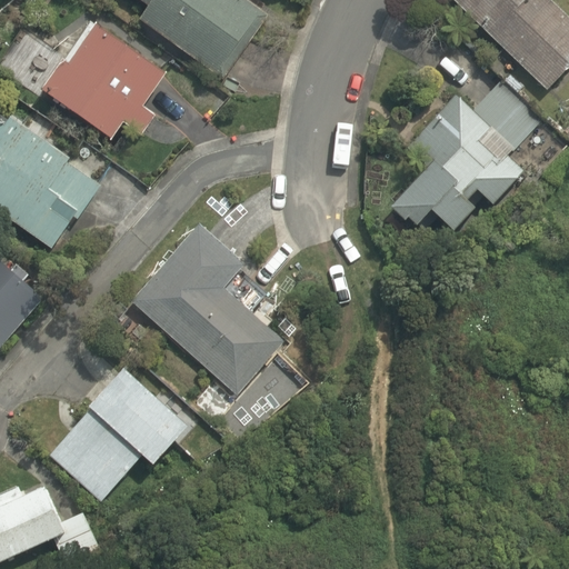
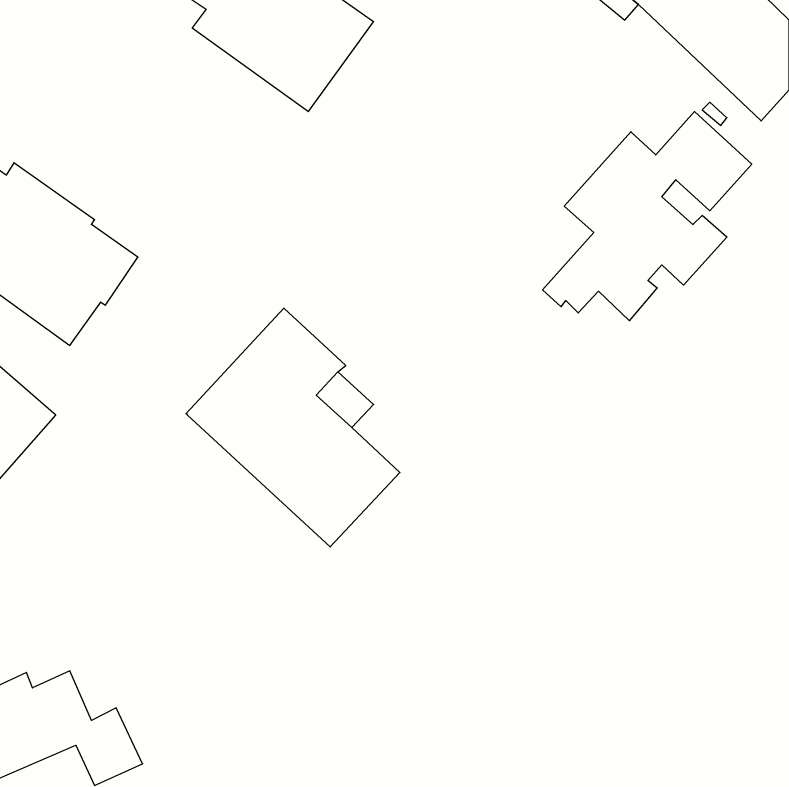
building: [42,28,163,138] -> none
building: [50,365,192,498] -> none

